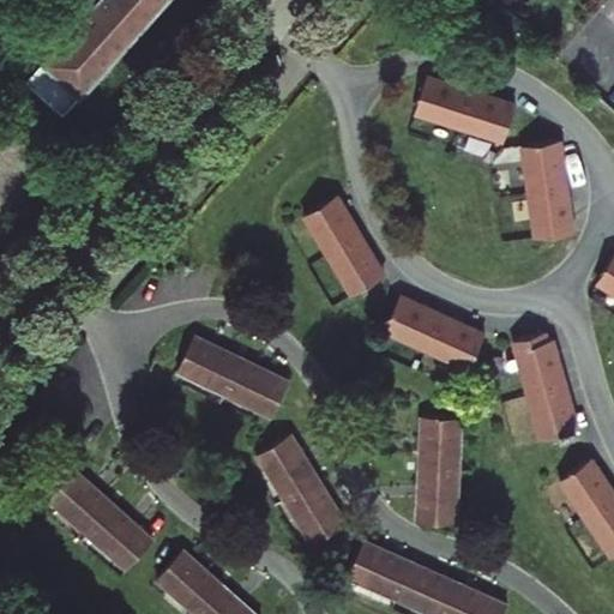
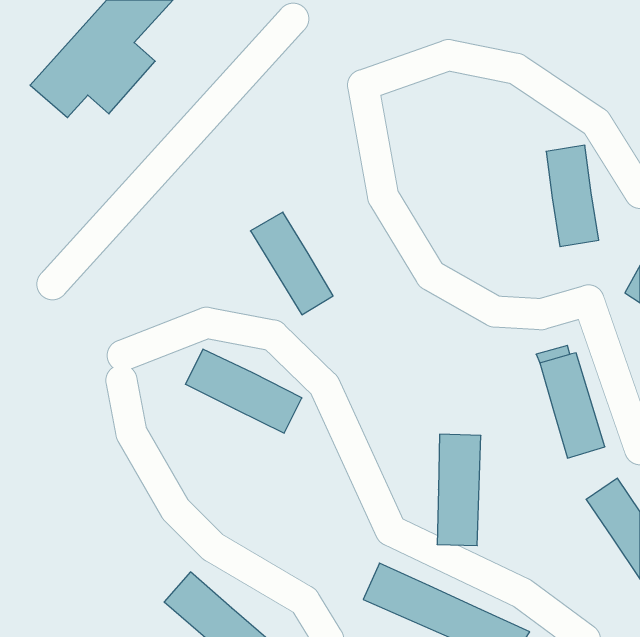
building: [416,78,516,142] -> none
building: [305,197,384,295] -> [250,212,333,315]
building: [385,297,486,369] -> none
building: [258,435,345,544] -> none
building: [48,471,152,570] -> none

